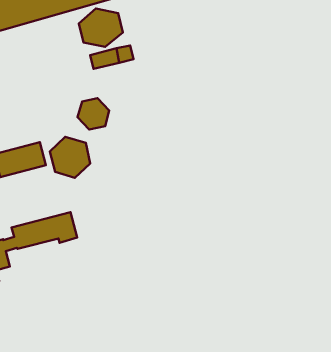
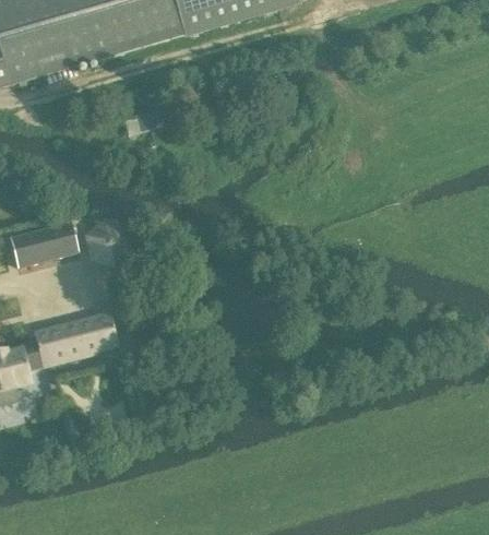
building: [79,9,123,47] -> none
building: [78,98,109,130] -> none

